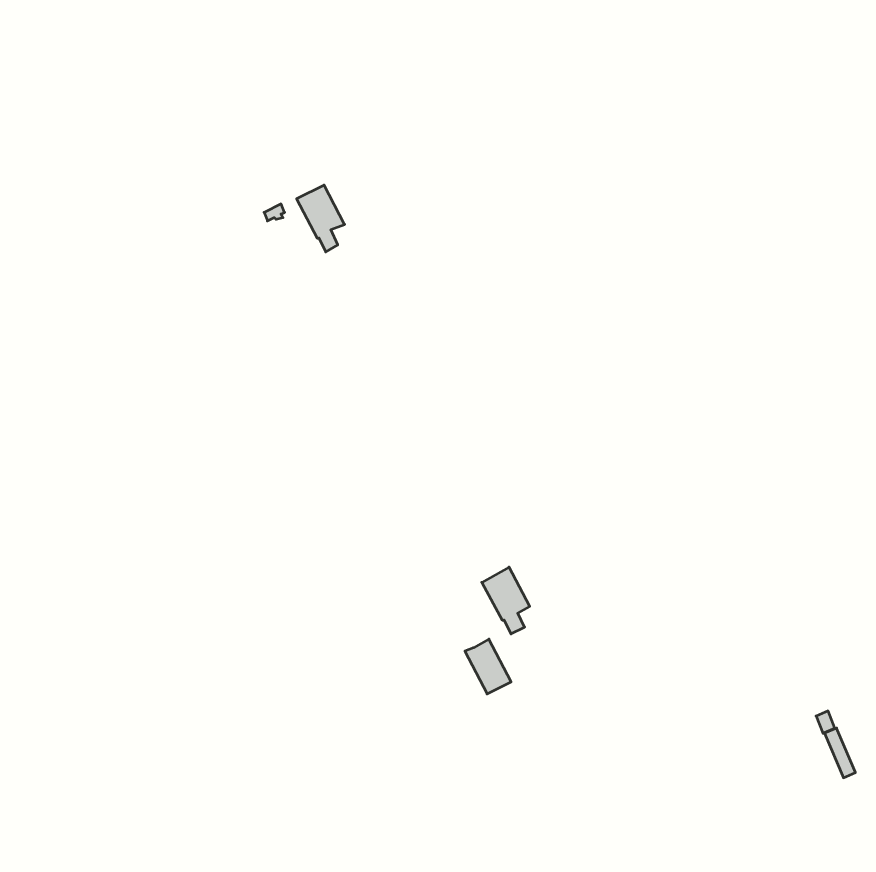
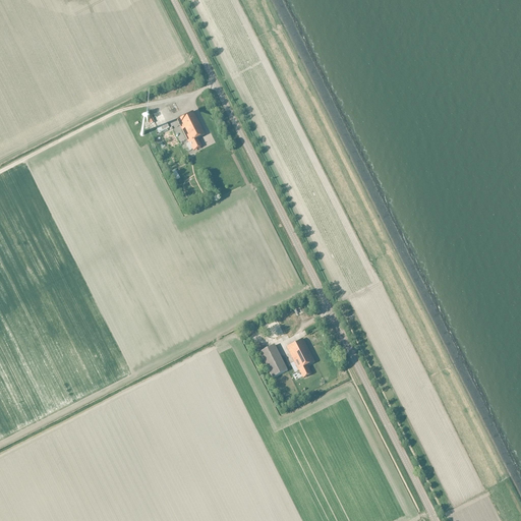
building: [465,639,511,694] -> [259,344,287,377]

